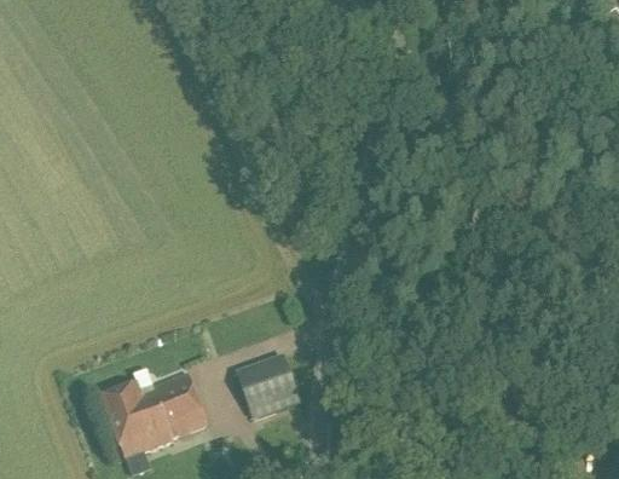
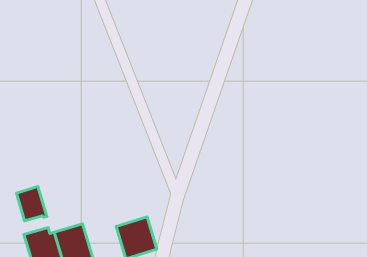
building: none -> [16,187,47,221]

